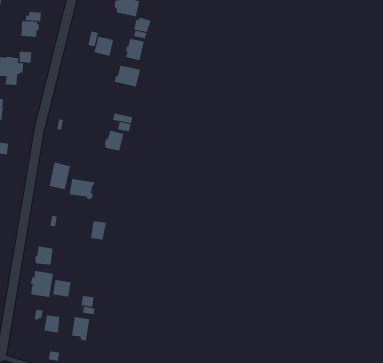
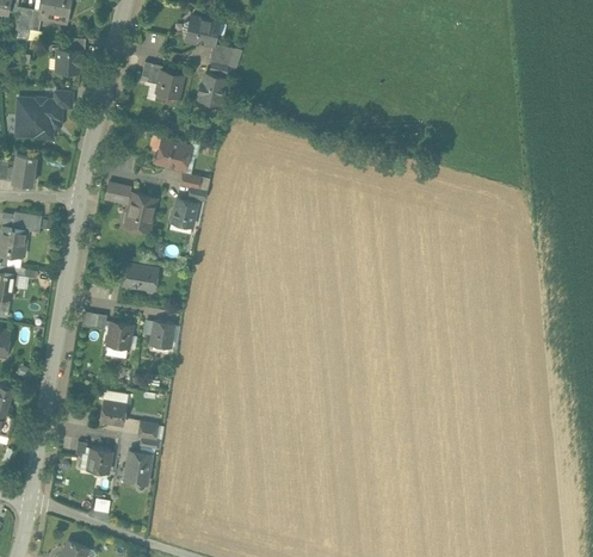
building: [114,65,141,87] -> [153,141,190,171]
building: [49,162,71,190] -> [125,193,155,231]
building: [34,246,54,265] -> [105,322,131,348]
building: [30,270,54,298] -> none

